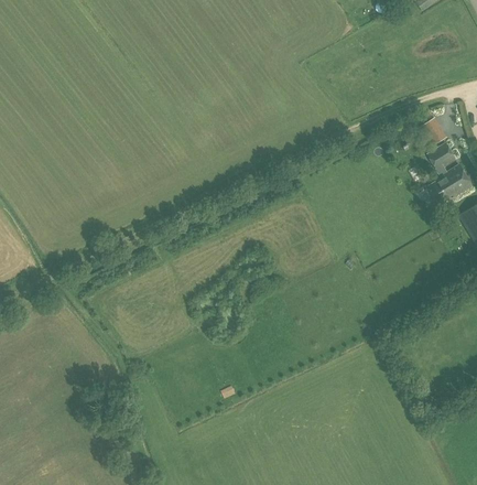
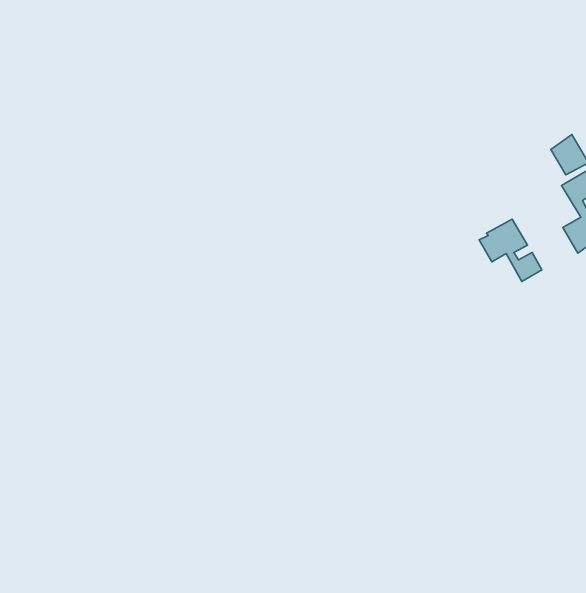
building: none -> [479,219,542,282]

